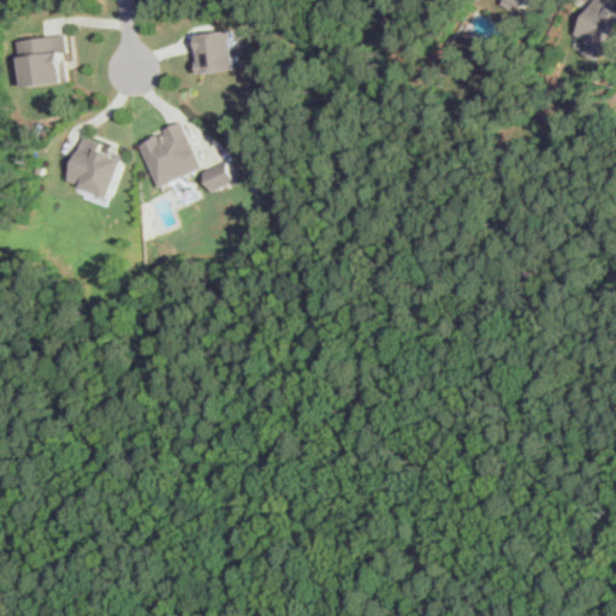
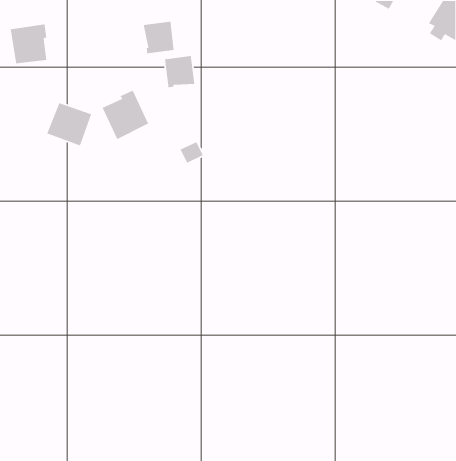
building: none -> [164,55,195,88]
building: [199,161,231,191] -> [180,141,204,164]

